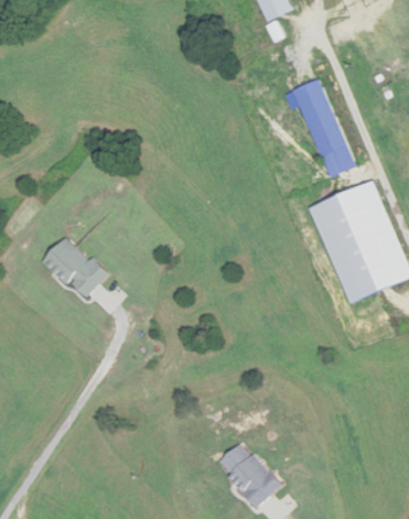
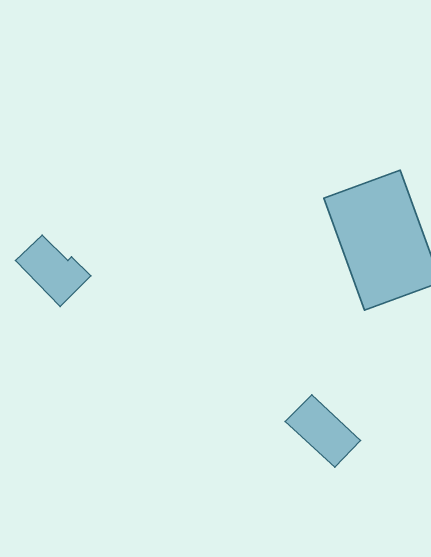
building: [293,78,353,177] -> none
building: [216,442,281,505] -> [285,395,360,467]

